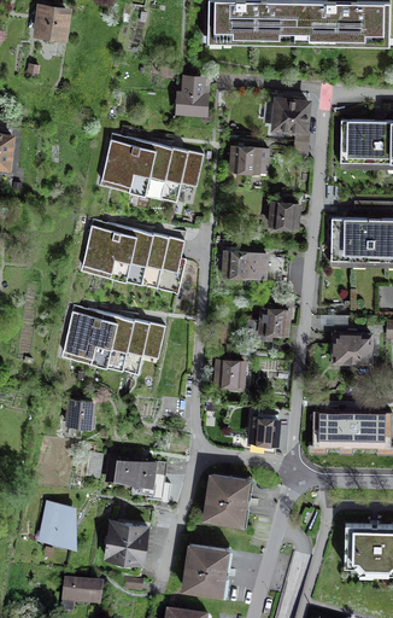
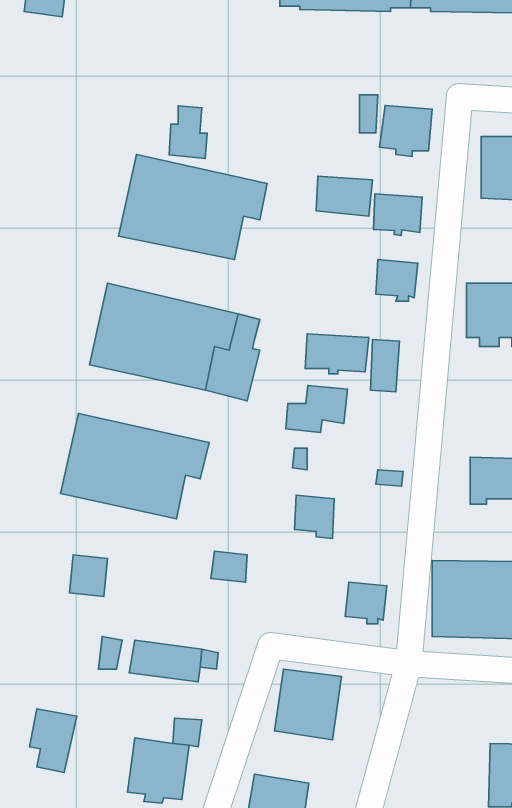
building: [178,78,204,113] -> [169,106,207,158]
building: none -> [374,194,422,235]
building: [247,309,288,340] -> [286,385,348,432]

